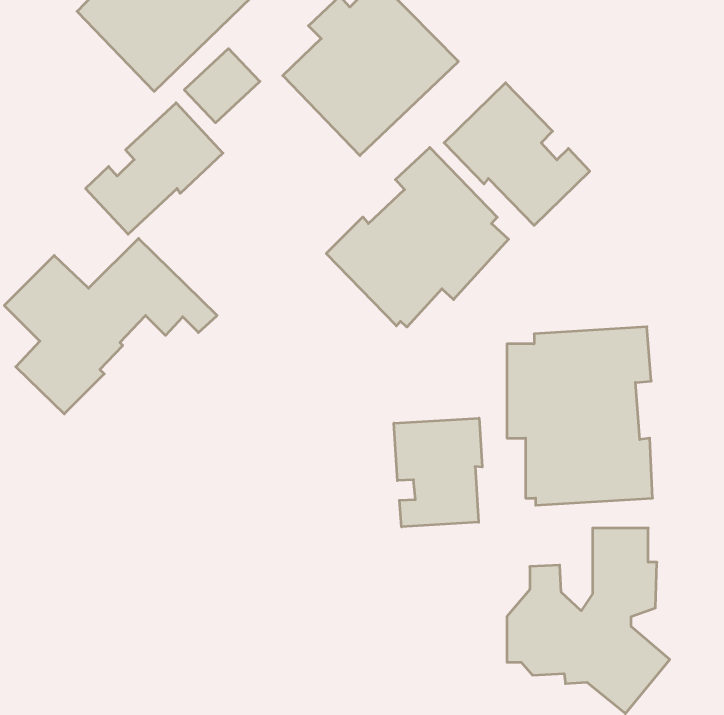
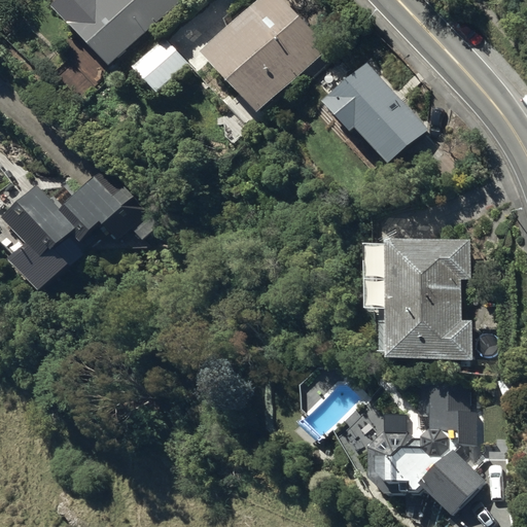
building: [86,103,223,234] -> none
building: [326,147,509,327] -> none
building: [394,418,482,527] -> none

